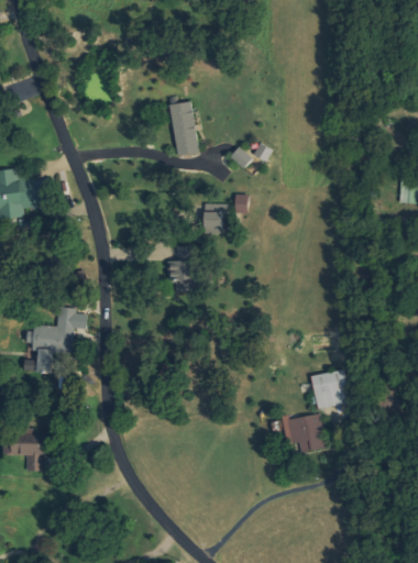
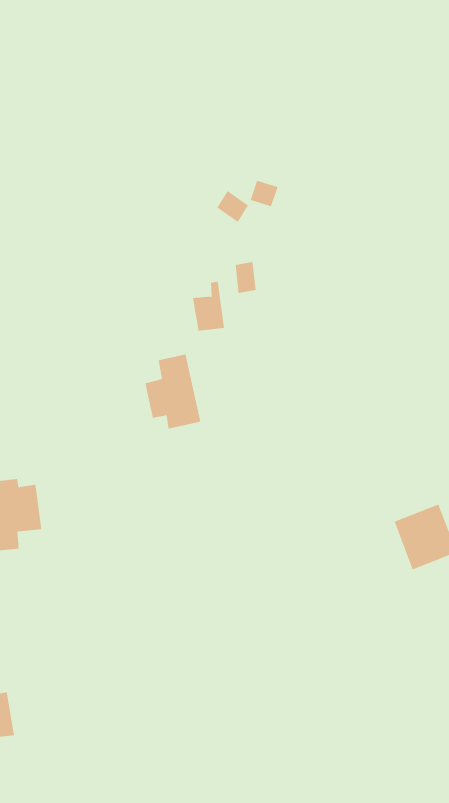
building: [169,101,199,156] -> none
building: [287,415,322,453] -> none

